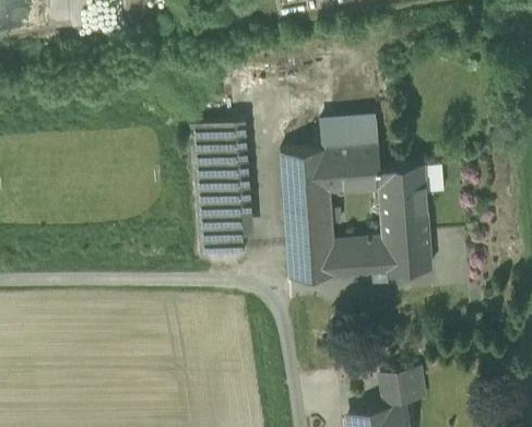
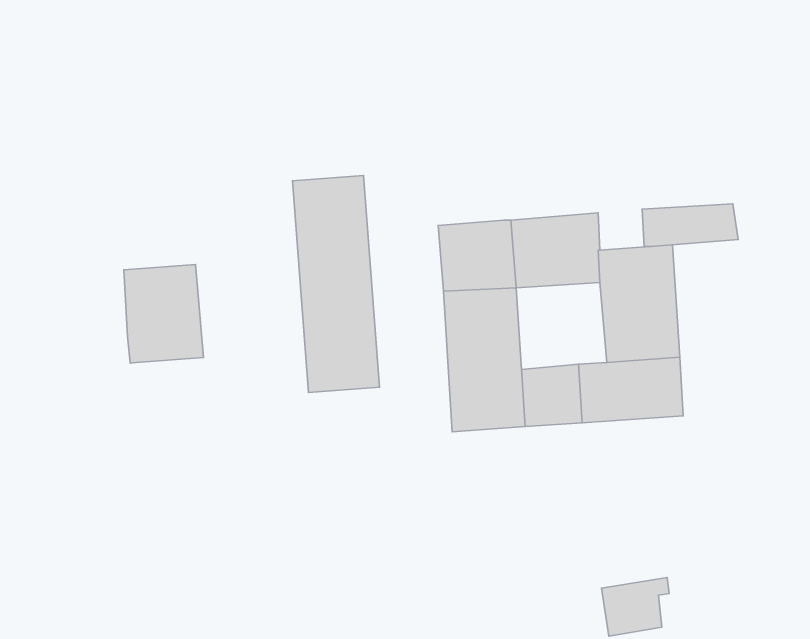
building: [320,123,379,150] -> [642,204,738,247]
building: none -> [124,264,204,363]

